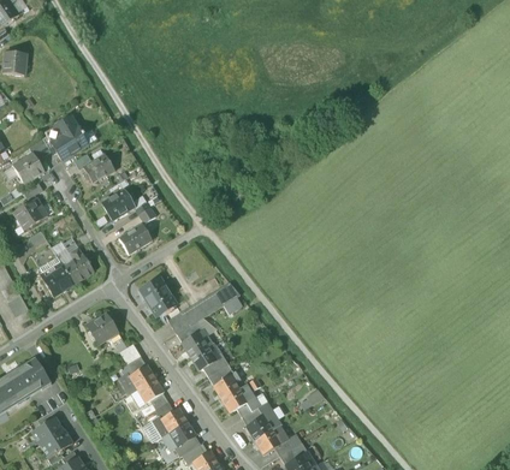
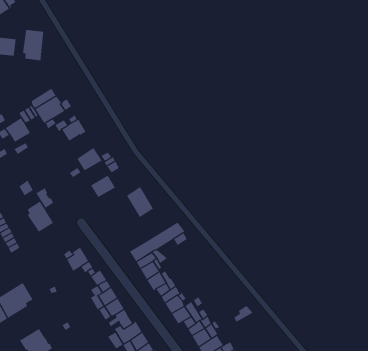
building: none -> [22,29,44,61]
building: [13,198,47,230] -> none
building: [63,248,94,285] -> none
building: [142,278,177,317] -> [126,186,154,218]

